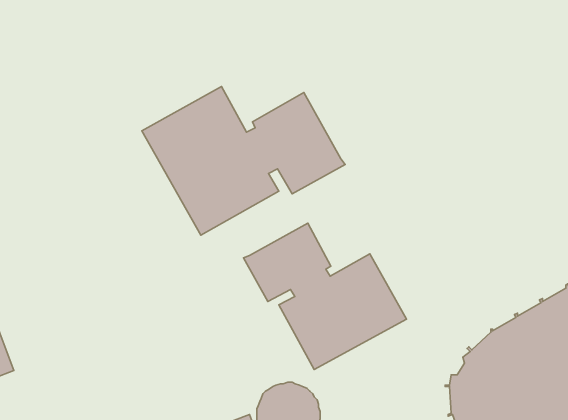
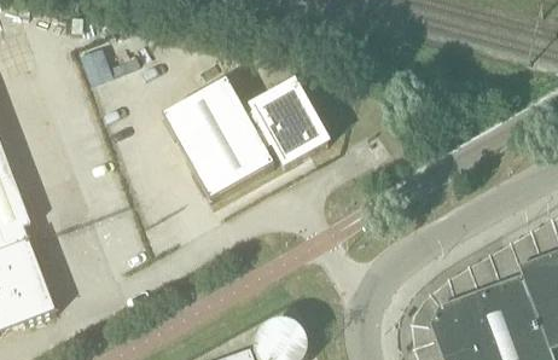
building: [244,223,406,370] -> none

